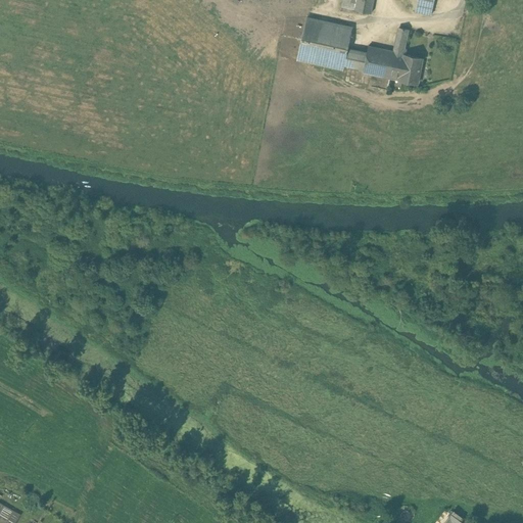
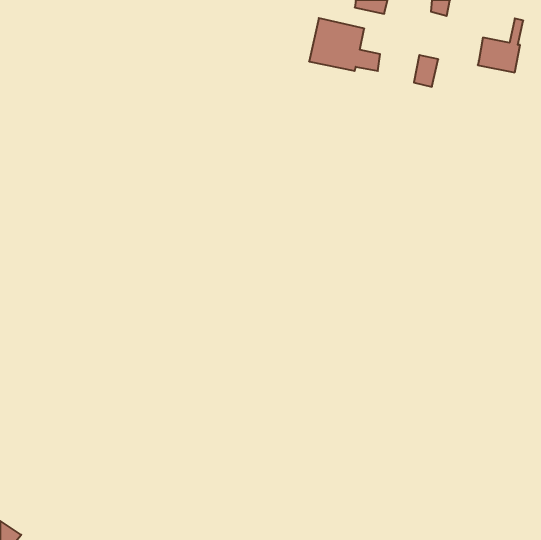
building: [364,29,408,81] -> [478,18,523,72]

